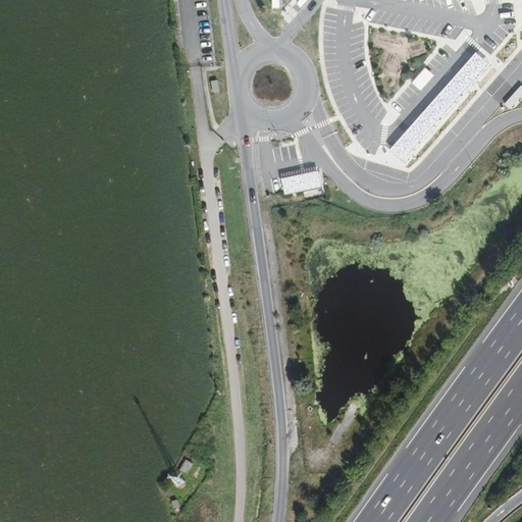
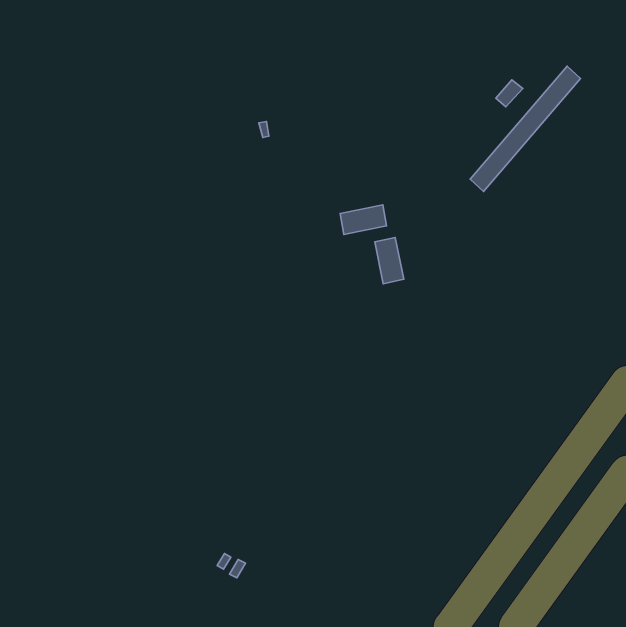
building: none -> [375,237,404,284]

